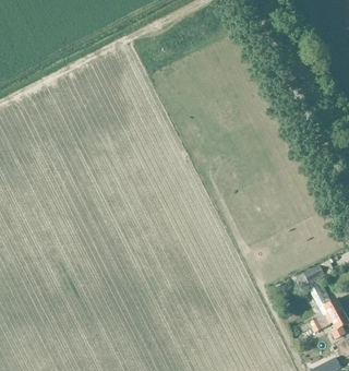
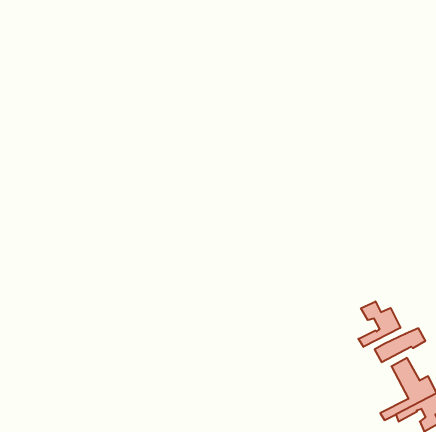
building: none -> [358,301,400,347]

